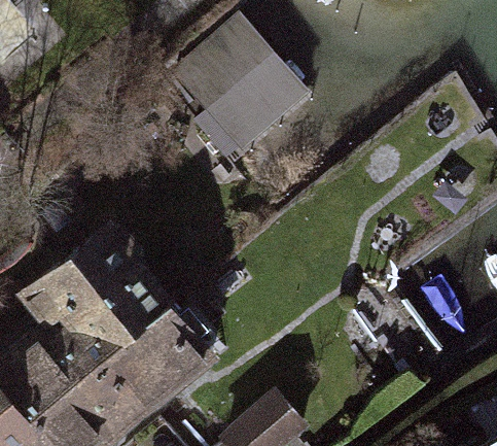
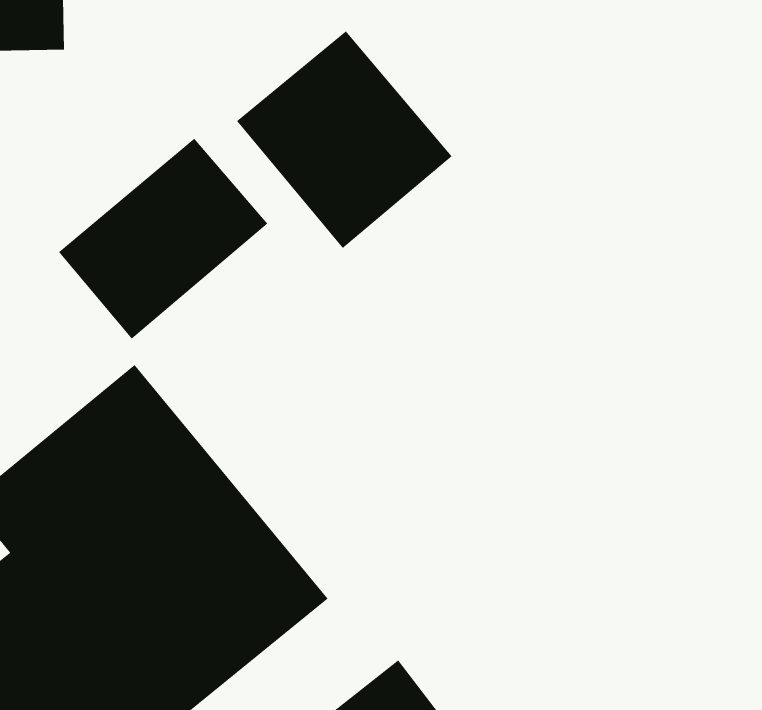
building: none -> [58,138,268,339]

